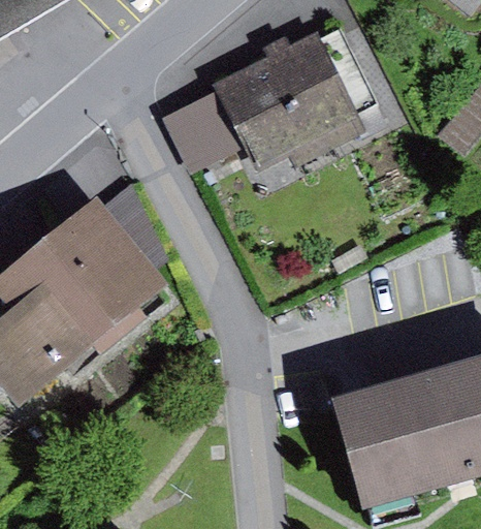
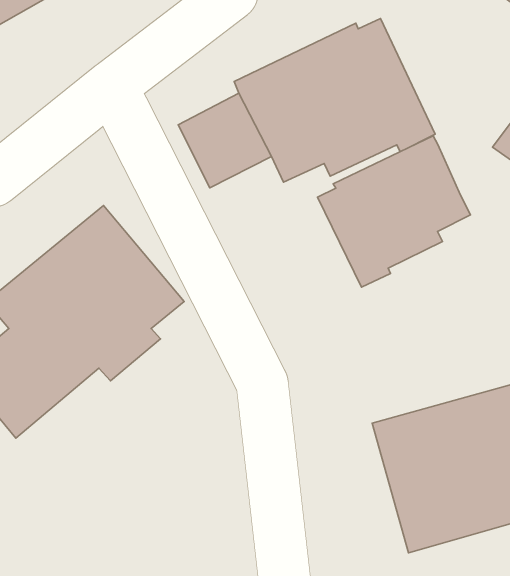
building: none -> [318,136,470,287]

